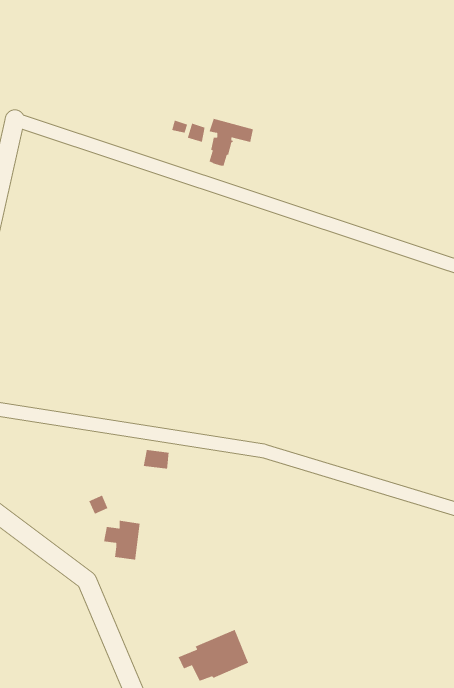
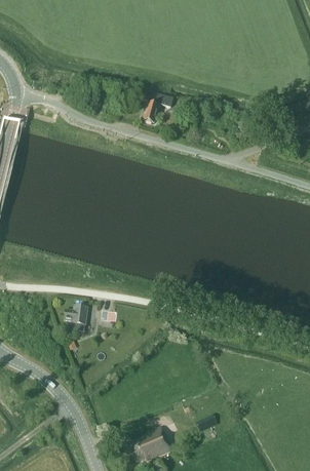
building: [103,520,141,561] -> [64,306,88,332]

